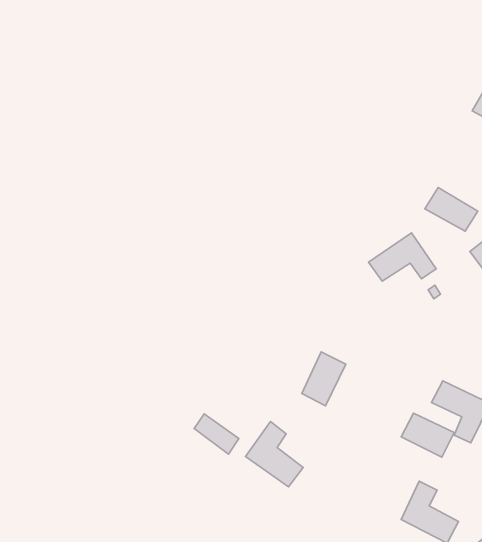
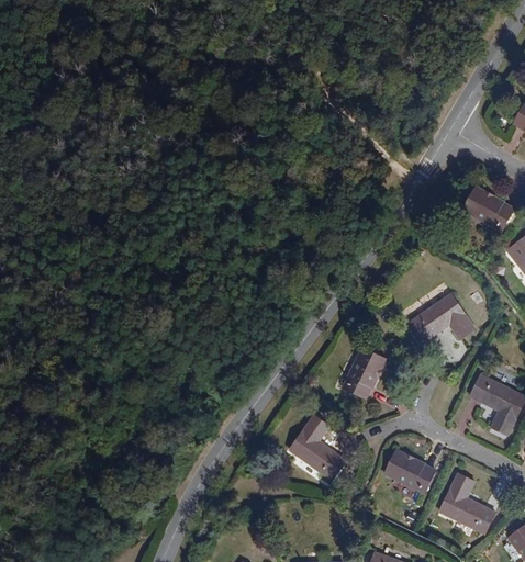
building: [369,233,436,281] -> [410,295,476,342]
building: [401,413,454,457] -> [384,451,436,494]
building: [194,414,239,454] -> none

